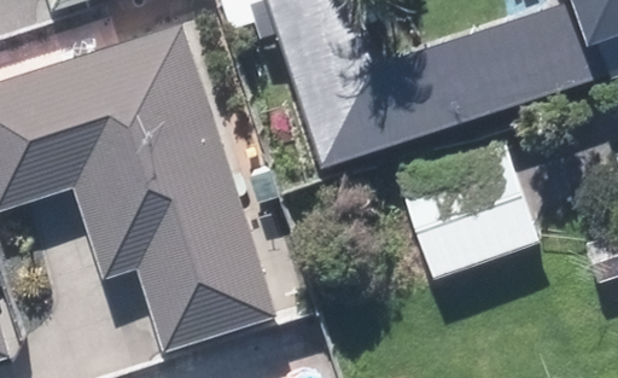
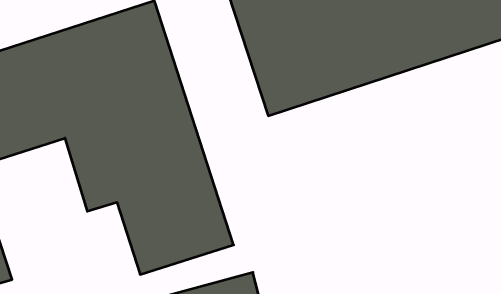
building: [400,145,540,281] -> none

